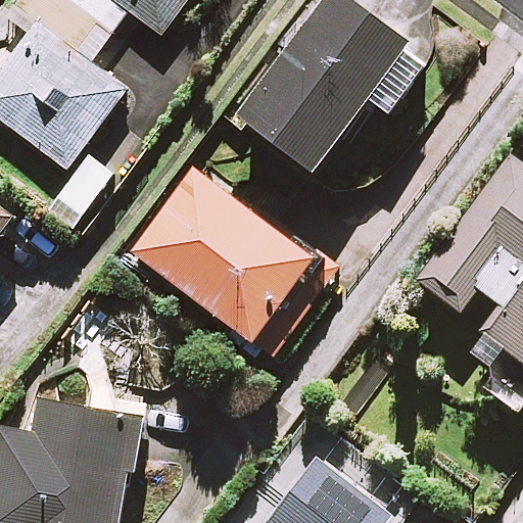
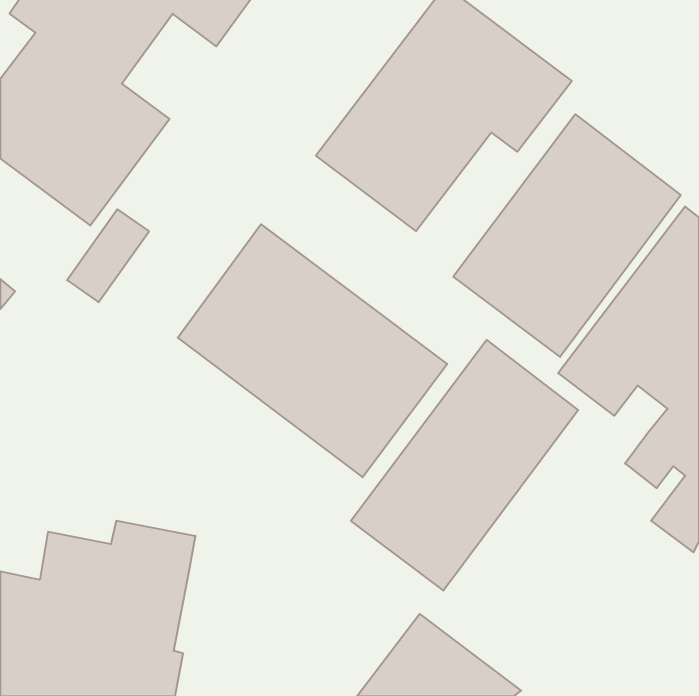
building: none -> [453,114,681,357]
building: none -> [351,340,578,591]

